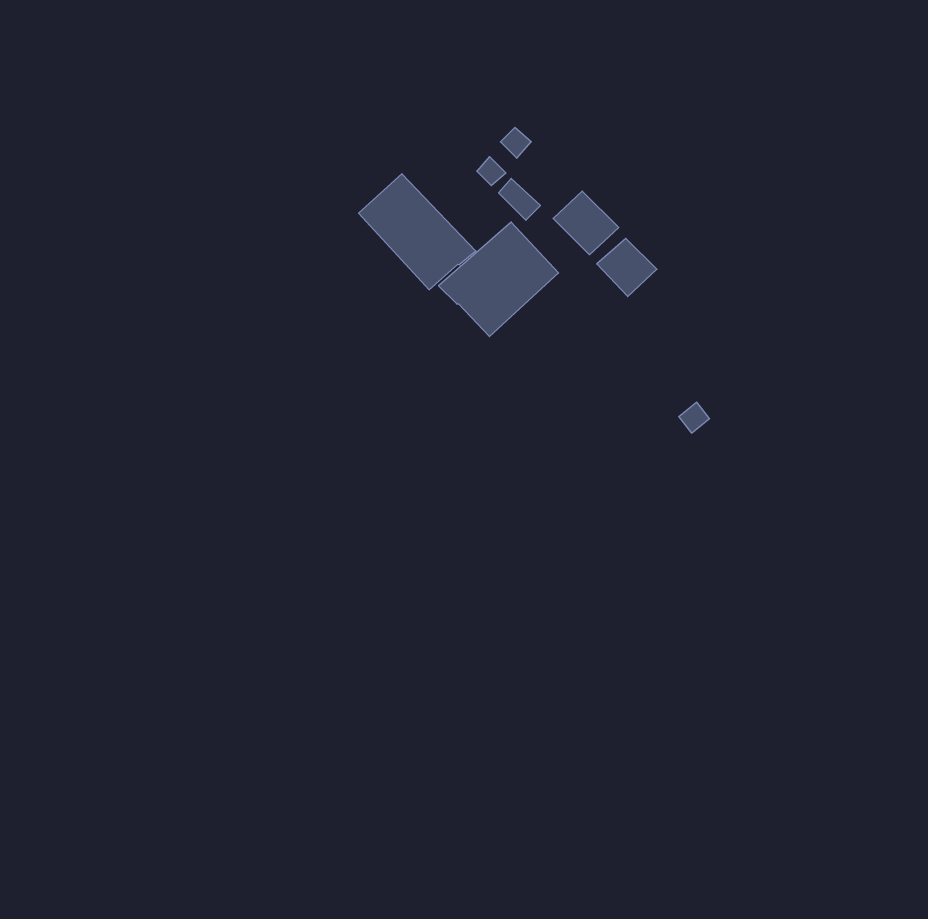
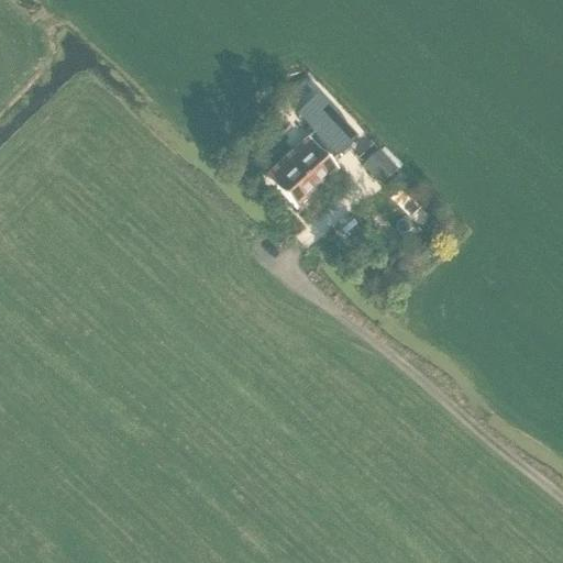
building: [359,174,476,290] -> none

